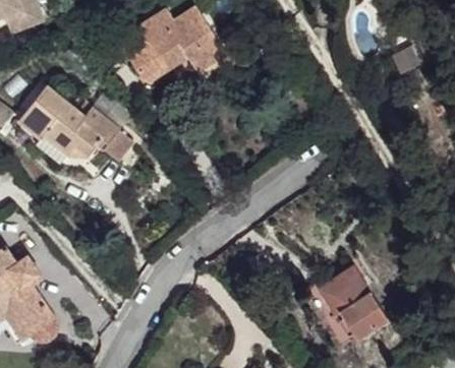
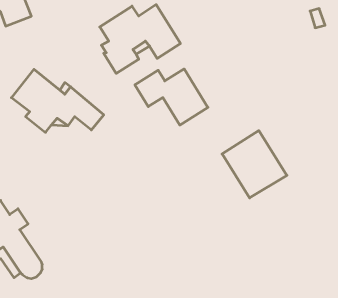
building: none -> [135,69,208,125]
building: [308,264,388,347] -> [222,131,287,198]

